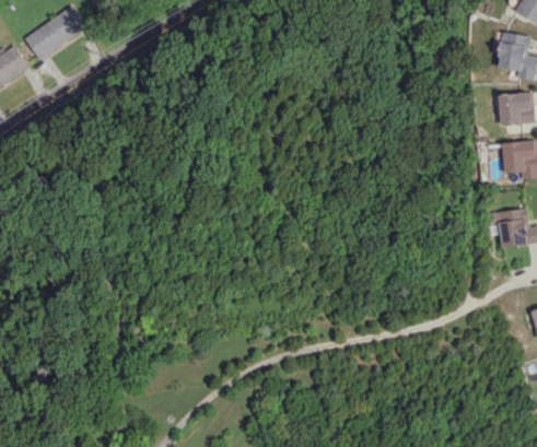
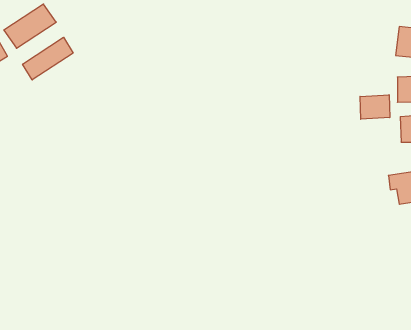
building: none -> [23,37,73,80]
building: none -> [360,95,390,119]

